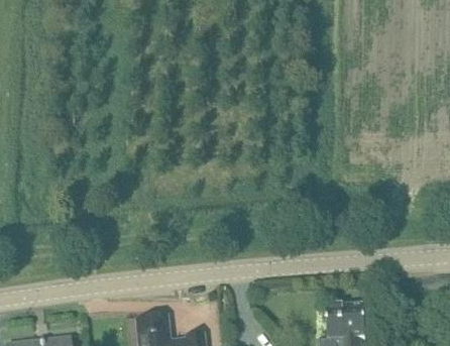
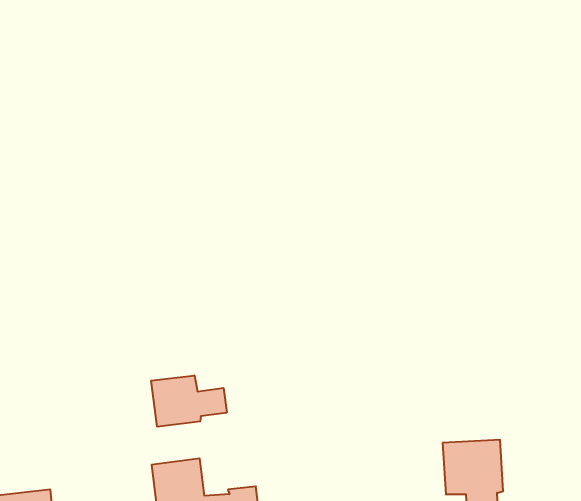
building: none -> [151,375,227,427]

